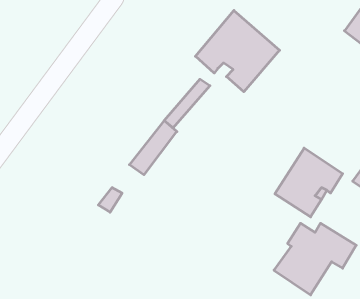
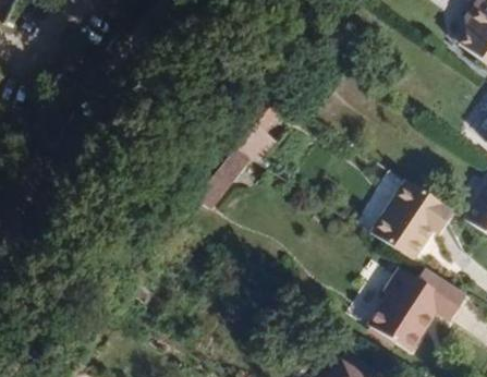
building: [195,10,280,92] -> none

